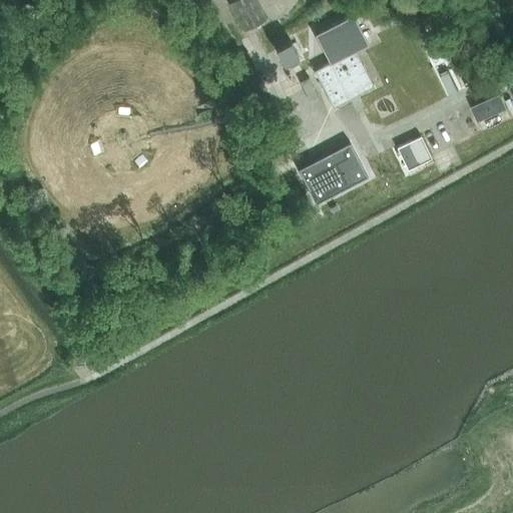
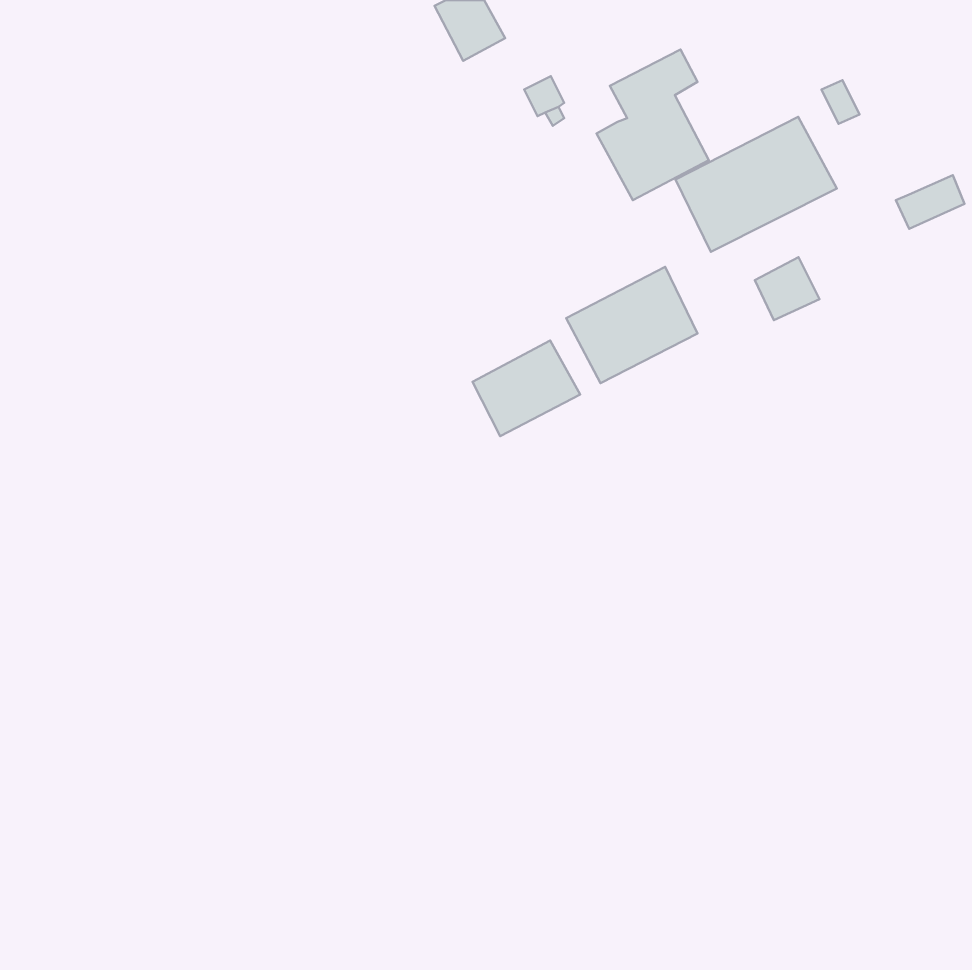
building: none -> [675,117,837,252]
building: none -> [473,341,580,436]

